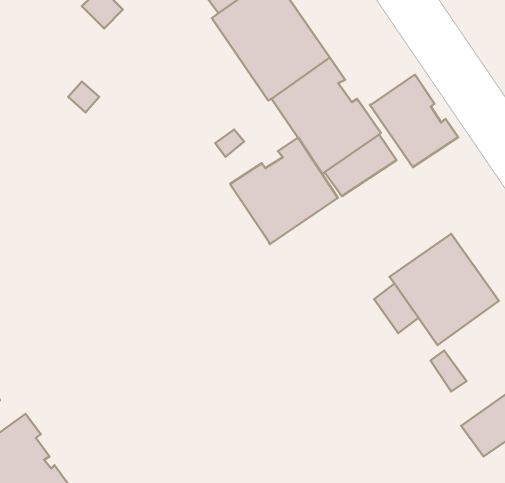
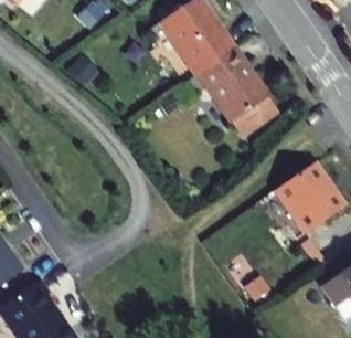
building: [370,75,458,167] -> none
building: [230,138,338,244] -> none

